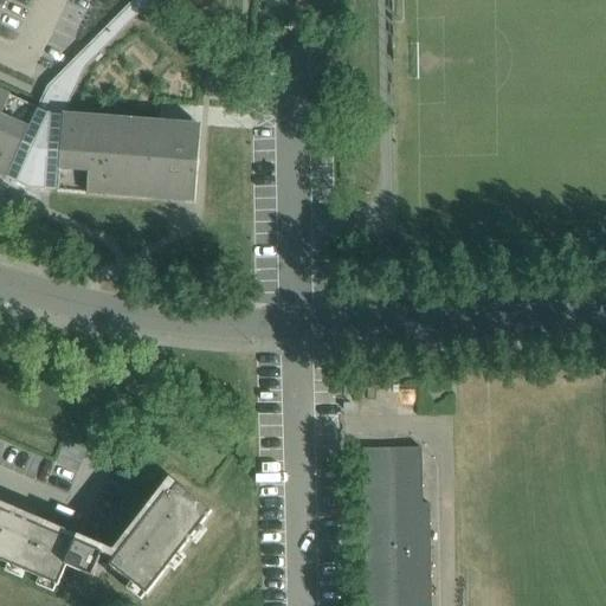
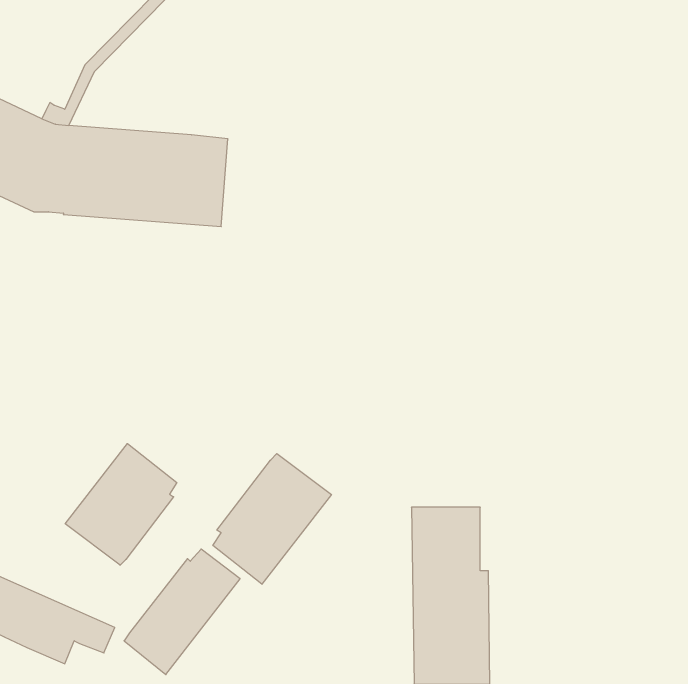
building: none -> [65,444,177,565]
building: none -> [213,454,331,584]

